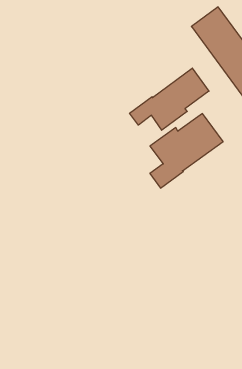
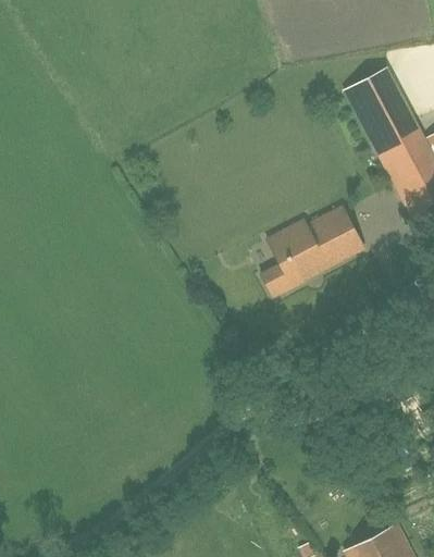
building: [130,68,209,130] -> none

